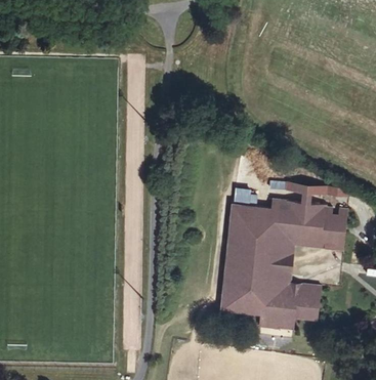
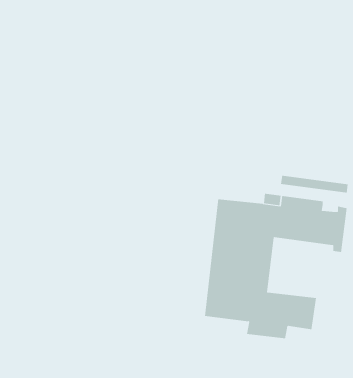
building: [277,238,335,292] -> none

